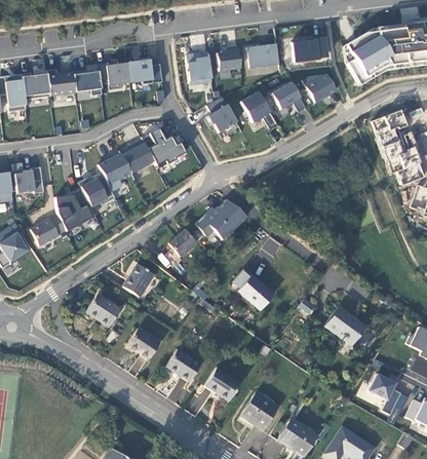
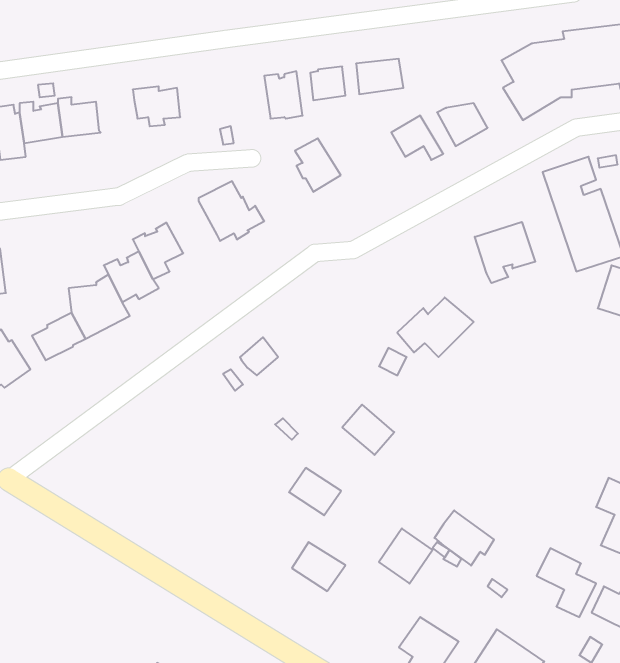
building: [293,37,327,62] -> none
building: [128,56,163,84] -> none
building: [74,70,103,95] -> none
building: [241,91,278,128] -> none
building: [120,139,155,174] -> none
building: none -> [475,222,535,283]
building: [14,162,44,193] -> none
building: [196,199,247,239] -> [397,297,474,357]
building: [124,264,154,296] -> none
building: [86,294,120,326] -> none
building: [325,306,365,343] -> [434,510,494,566]
building: [127,329,159,358] -> none
building: [166,349,201,381] -> [289,468,341,515]
building: [241,391,277,428] -> [379,528,432,584]

